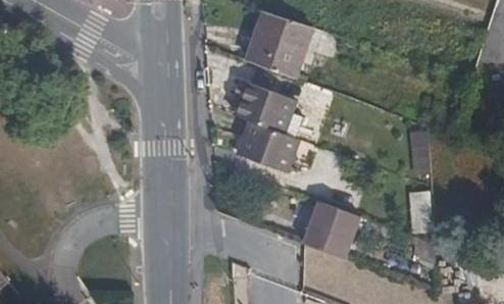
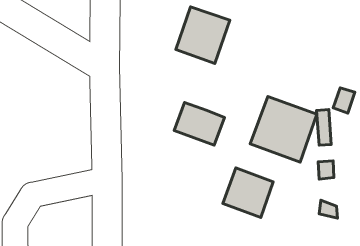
building: [236,83,296,133] -> none
building: none -> [250,97,317,162]

